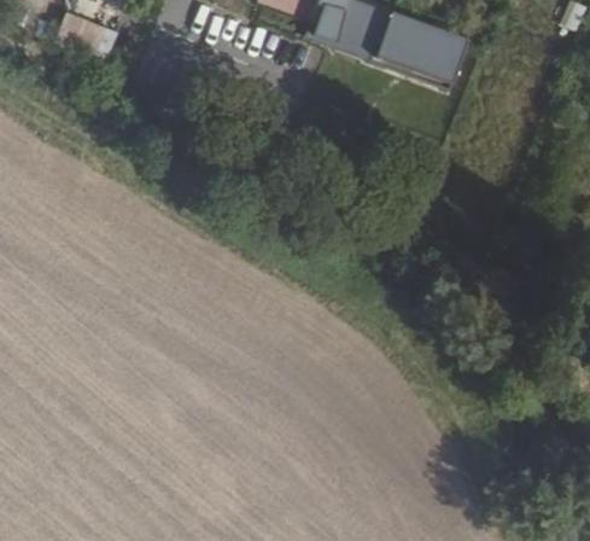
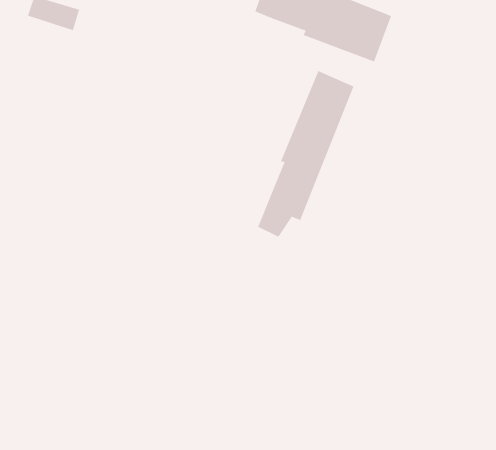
building: none -> [258,70,354,238]

